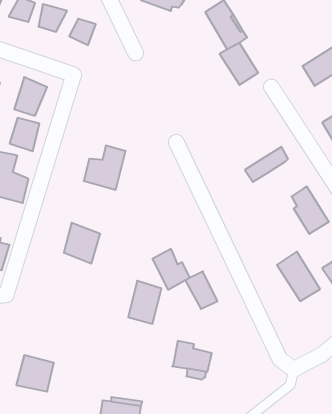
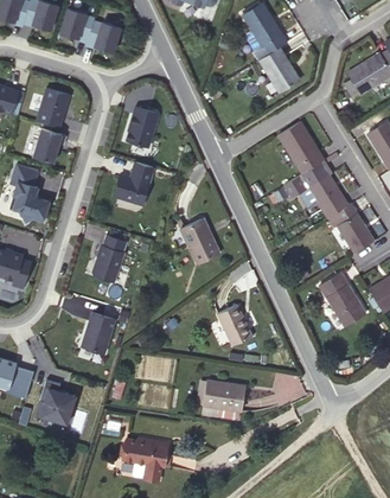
building: none -> [126,107,159,148]
building: none -> [277,123,324,174]
building: none -> [308,175,347,218]
building: [152,249,190,290] -> [180,208,220,251]
building: [128,281,161,324] -> [82,307,117,353]

